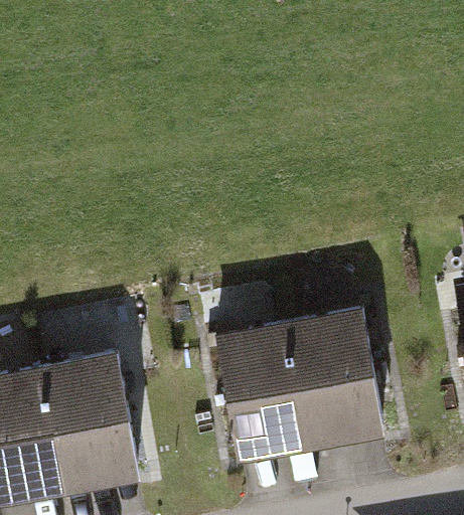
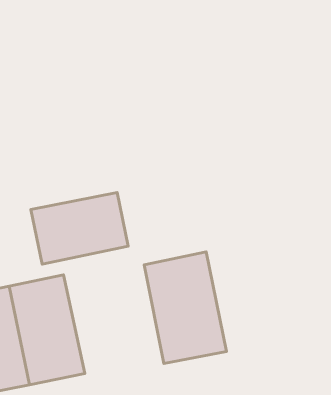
building: none -> [31,192,128,264]
building: [291,310,384,447] -> none

